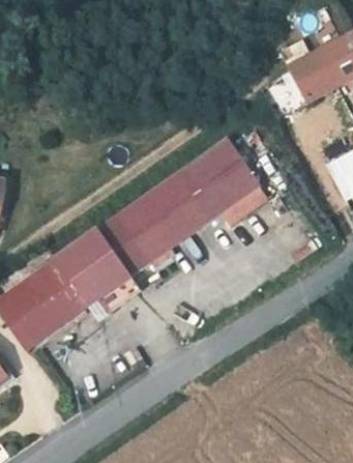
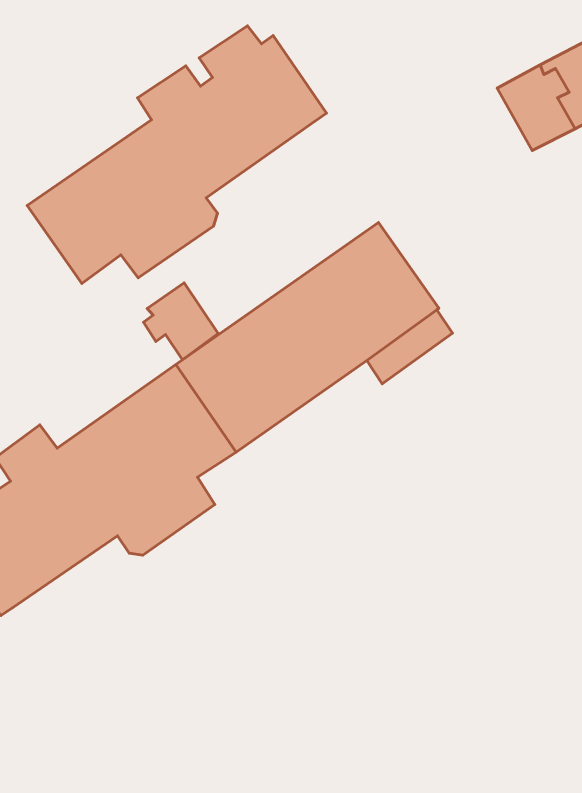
building: none -> [27,26,326,283]
building: none -> [143,283,218,360]

